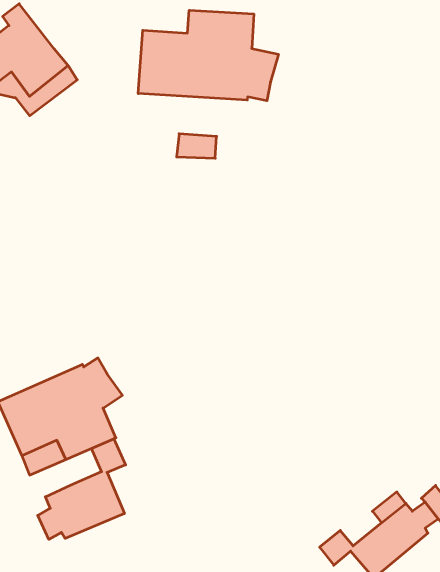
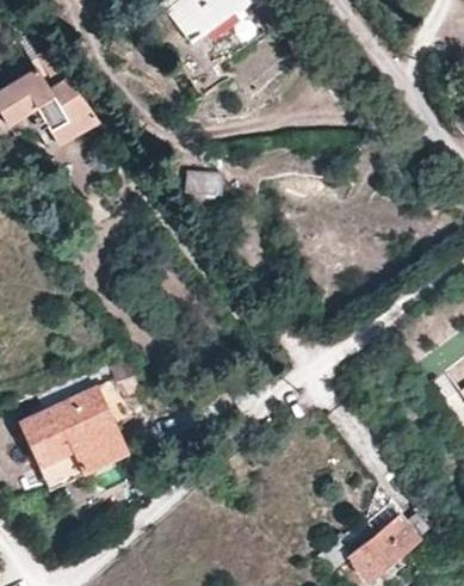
building: [138,10,278,101] -> none
building: [38,439,126,539] -> none

